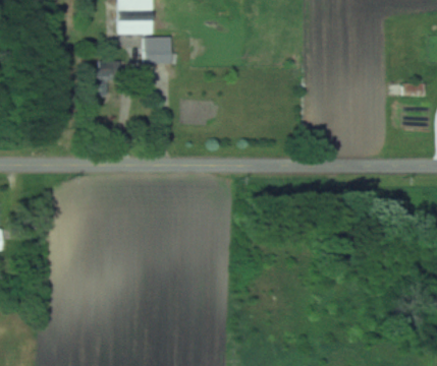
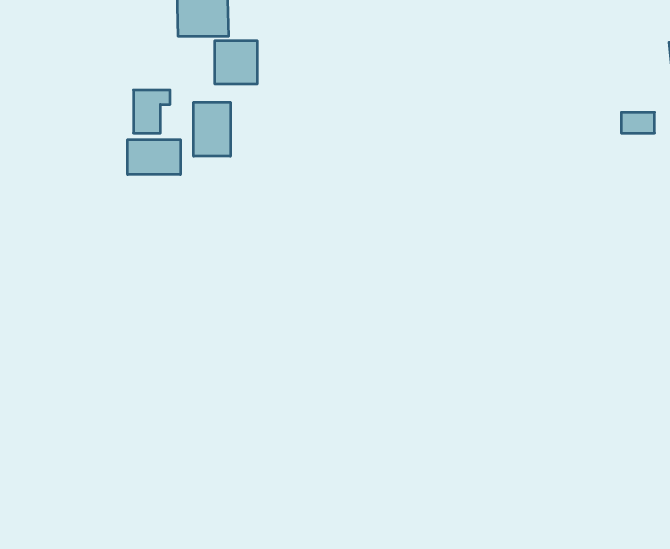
building: none -> [194,102,230,156]
building: none -> [128,140,180,175]

